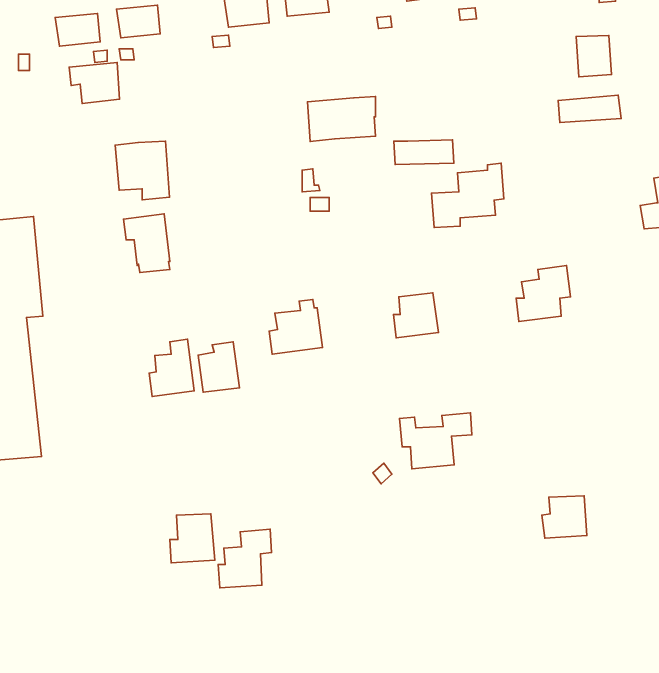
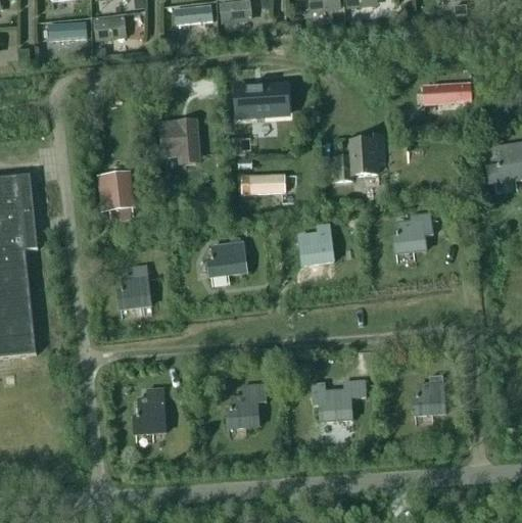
building: [576,36,611,77] -> none
building: [69,62,119,103] -> none
building: [394,140,454,164] -> [240,175,285,193]
building: [115,141,170,200] -> [159,120,200,163]
building: [198,342,239,392] -> none
building: [400,413,472,469] -> [312,379,366,421]
building: [218,529,271,588] -> [227,383,267,427]

